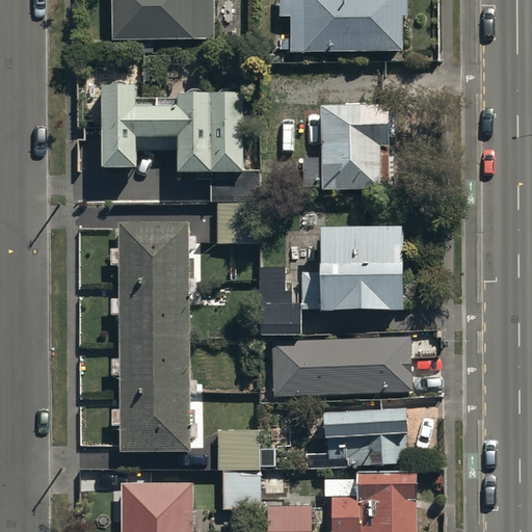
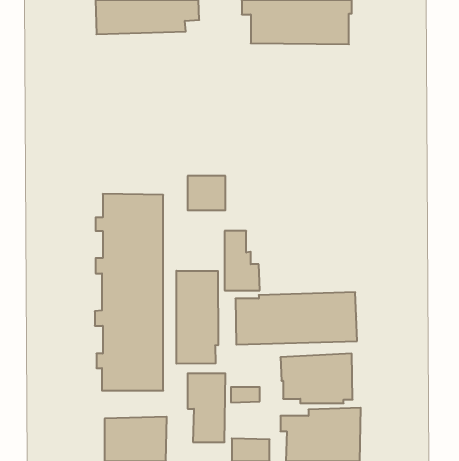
building: [101,84,259,201] -> none
building: [301,103,389,188] -> none
building: [300,225,403,310] -> none
building: none -> [176,271,218,364]

